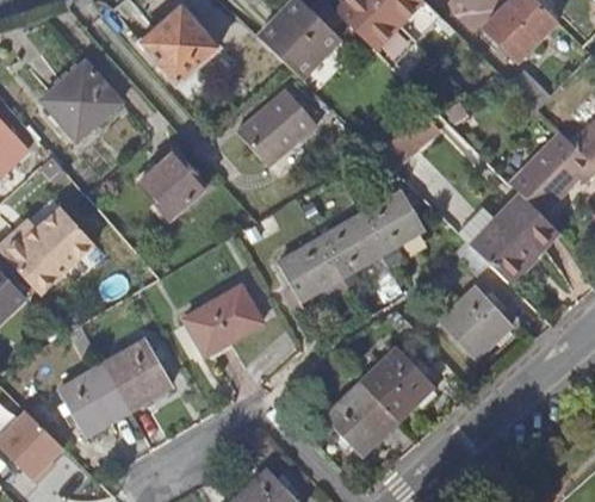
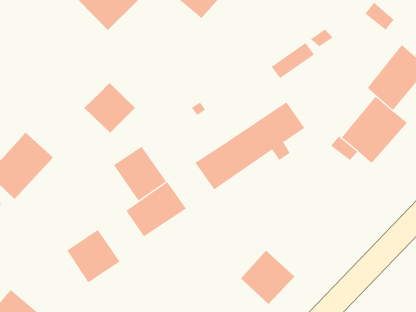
building: [43,62,122,141] -> none
building: [236,88,317,162] -> none
building: none -> [113,146,167,202]
building: [441,287,513,359] -> none
building: [362,348,434,420] -> none
building: [60,366,129,435] -> none

